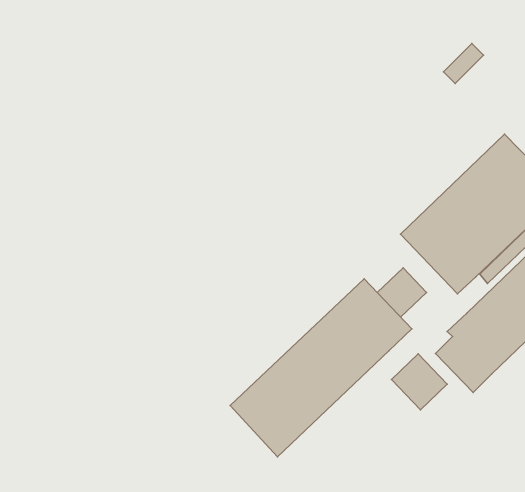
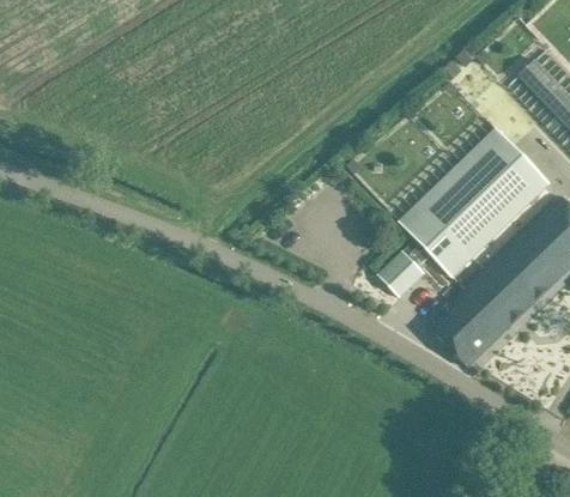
building: [230,279,412,457] -> none
building: [391,354,447,410] -> none

